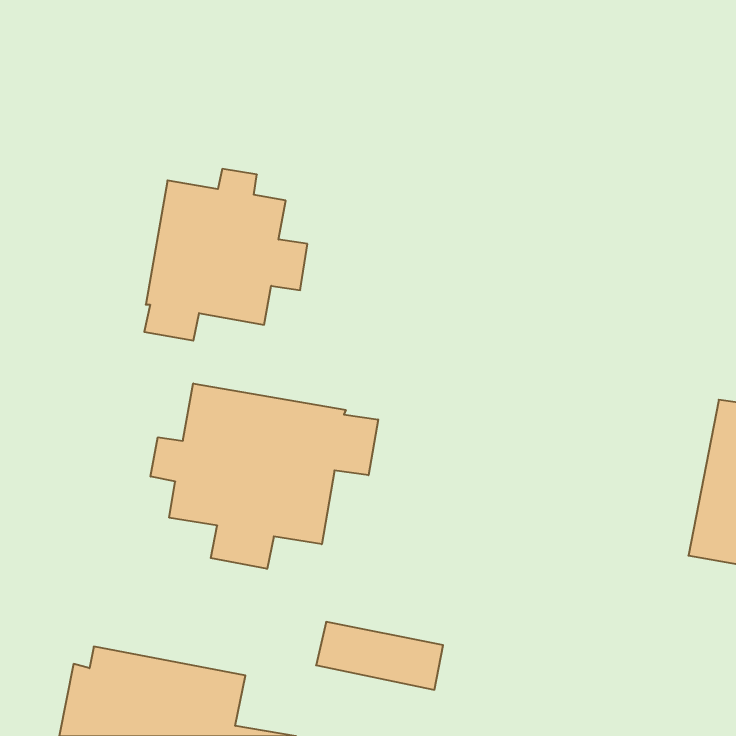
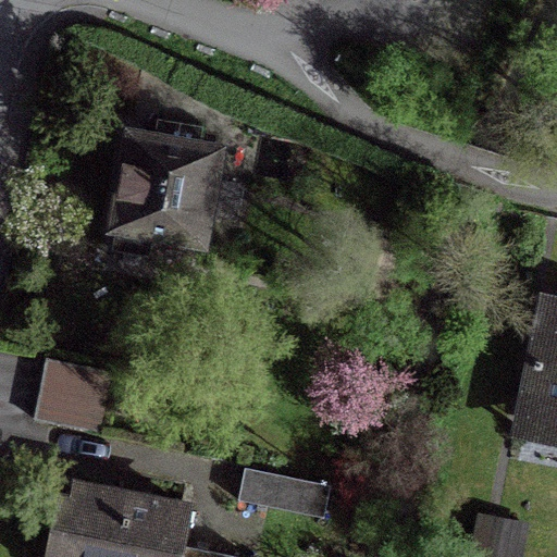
building: [151,383,378,569] -> none
building: none -> [32,360,109,434]

